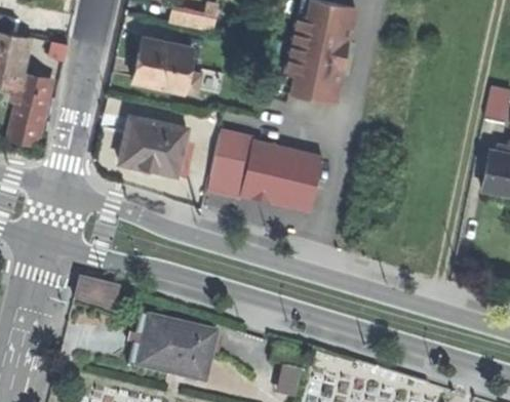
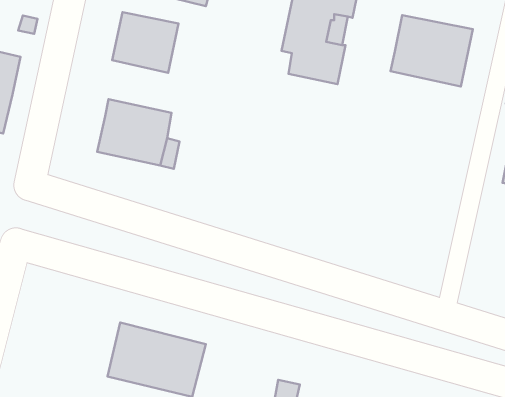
building: none -> [391,15,473,86]
building: [208,131,322,211] -> none
building: [75,279,119,310] -> none

